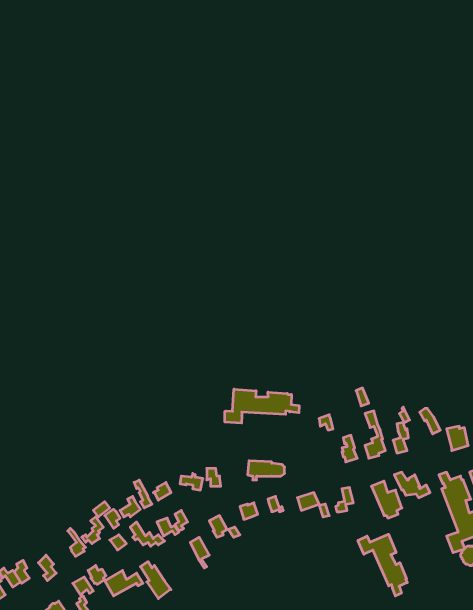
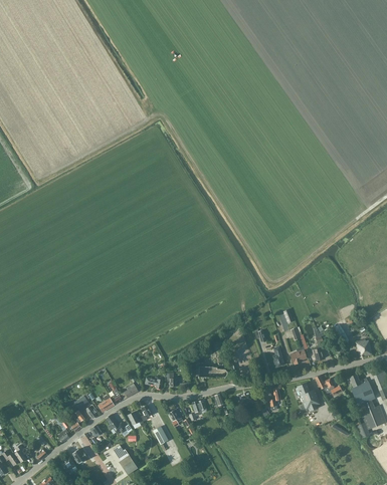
building: [225,389,299,423] -> none
building: [358,534,407,596] -> none

